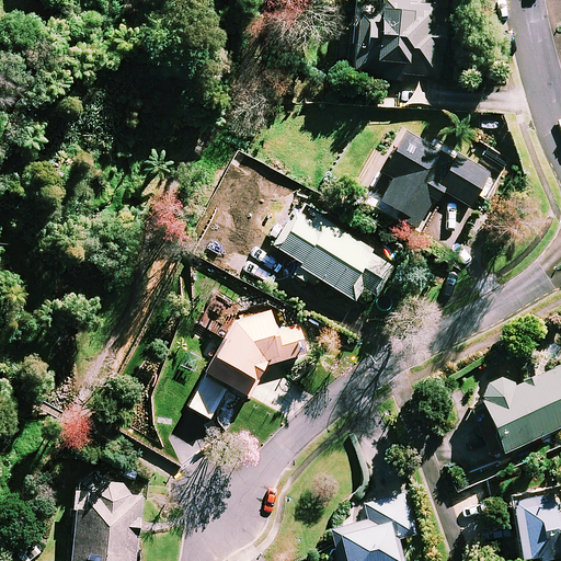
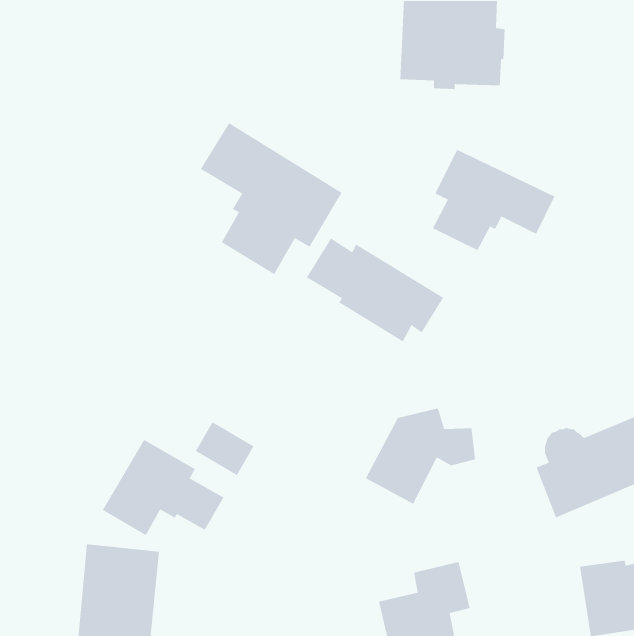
building: none -> [200,122,343,275]
building: [206,310,304,396] -> [365,407,476,505]
building: none -> [102,439,225,536]

